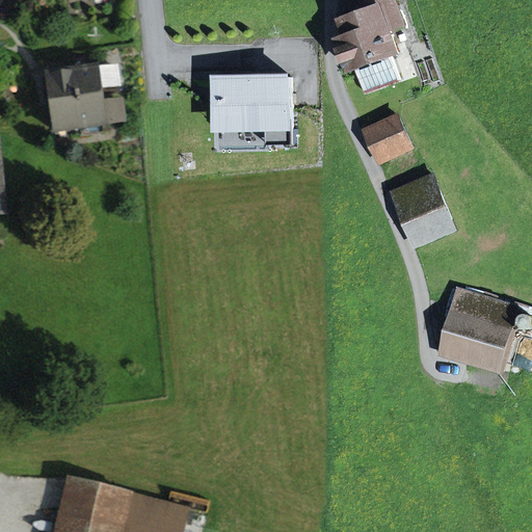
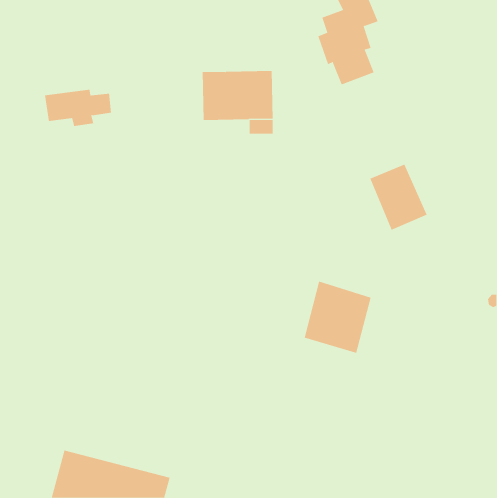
building: [44,60,114,101] -> none
building: [364,114,409,160] -> none
building: [440,290,511,367] -> [304,281,372,353]

